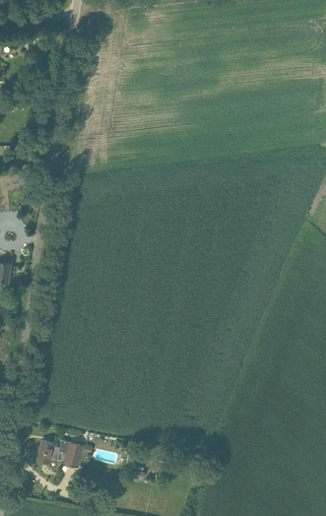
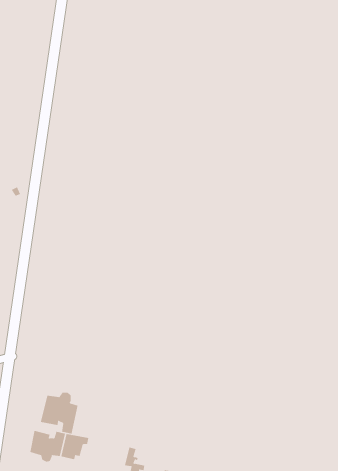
building: none -> [40,392,78,435]

